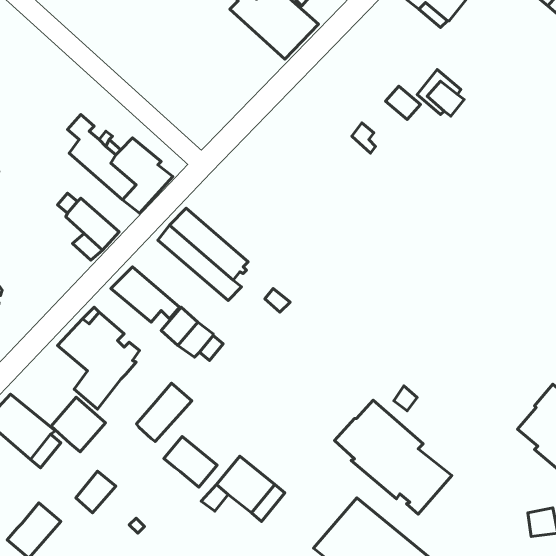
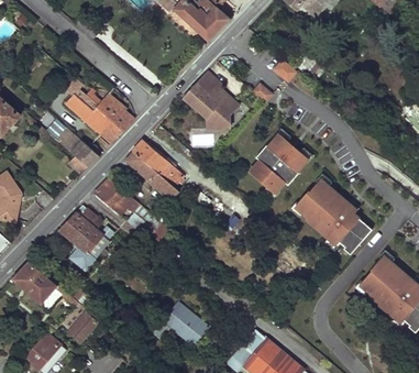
building: none -> [183,72,238,128]
building: none -> [250,134,308,194]
building: [137,383,192,442] -> none
building: [51,397,105,452] -> none
building: [335,400,452,514] -> [296,179,373,254]
building: [164,436,217,487] -> none

